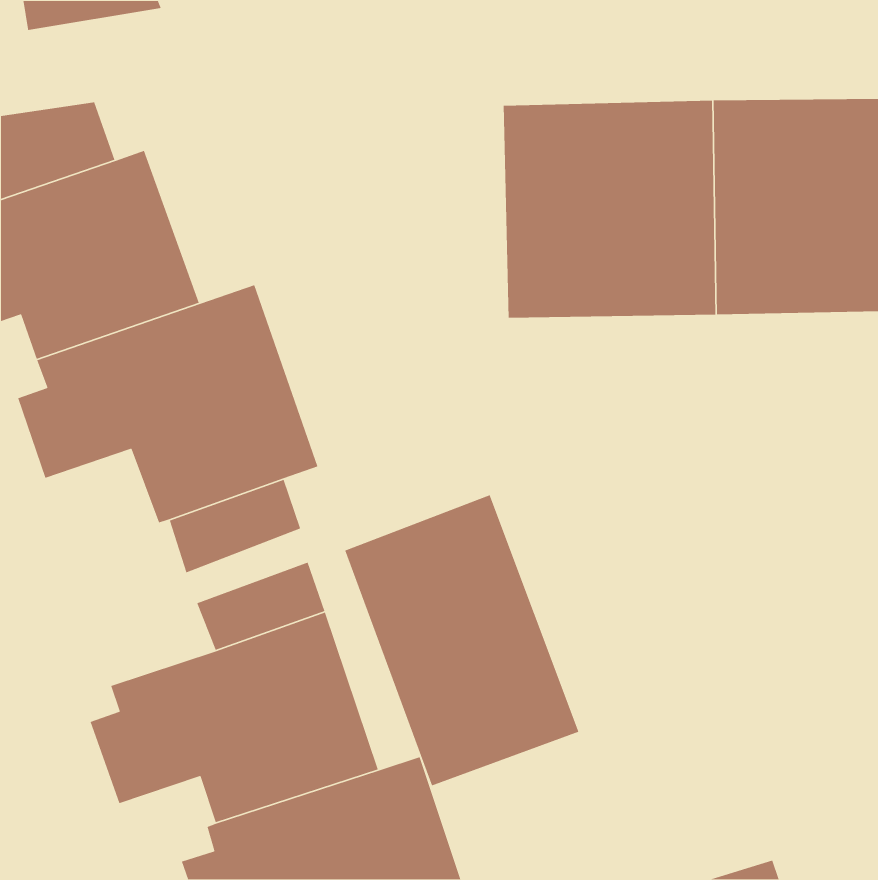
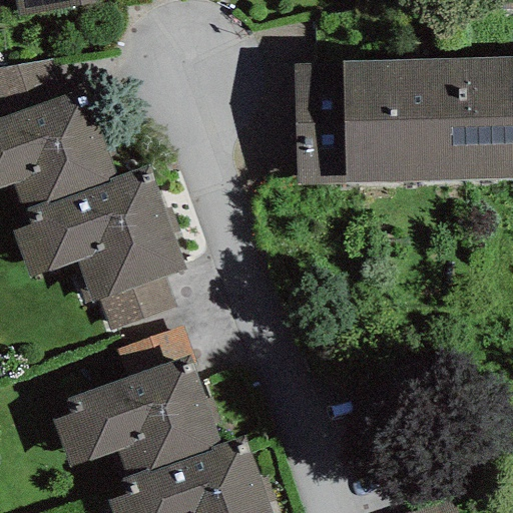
building: [344,494,580,787] -> none

